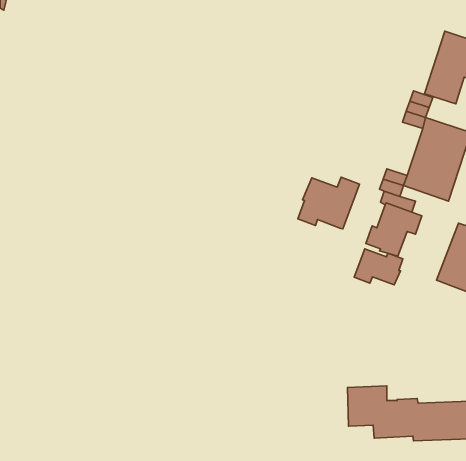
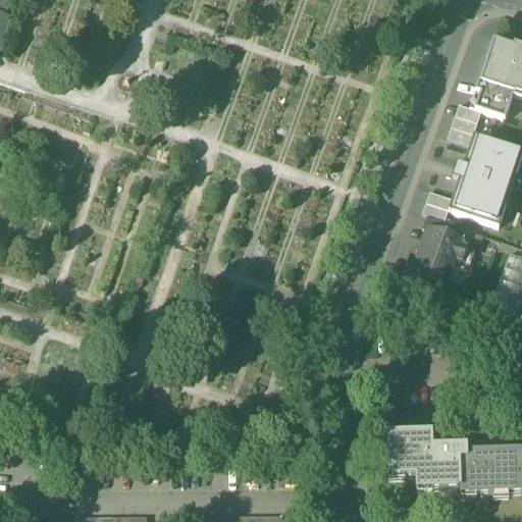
building: [298,177,360,229] -> none
building: [354,249,403,285] -> none

